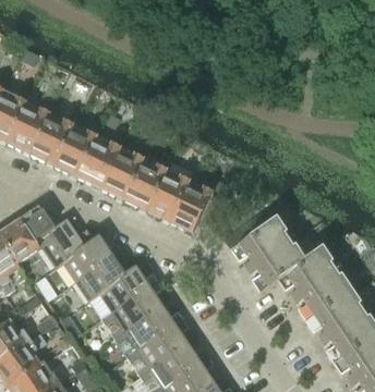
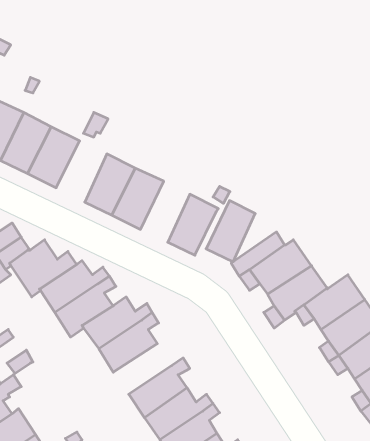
building: [75,136,118,187] -> none
building: [146,170,187,221] -> [206,201,255,262]
building: [123,306,182,348] -> none

